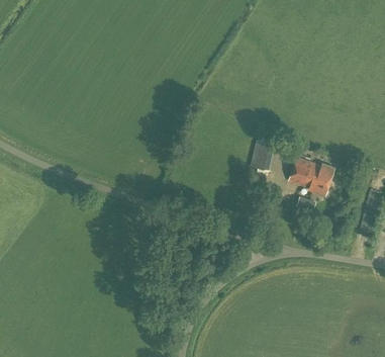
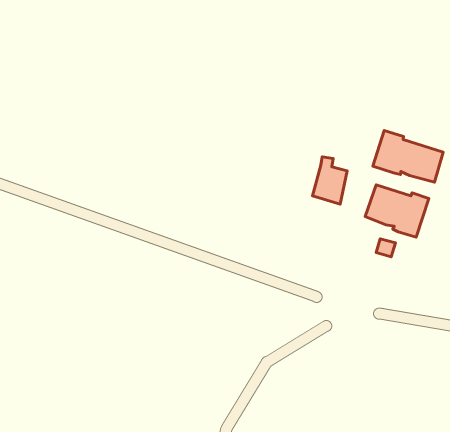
building: none -> [373,131,443,182]

